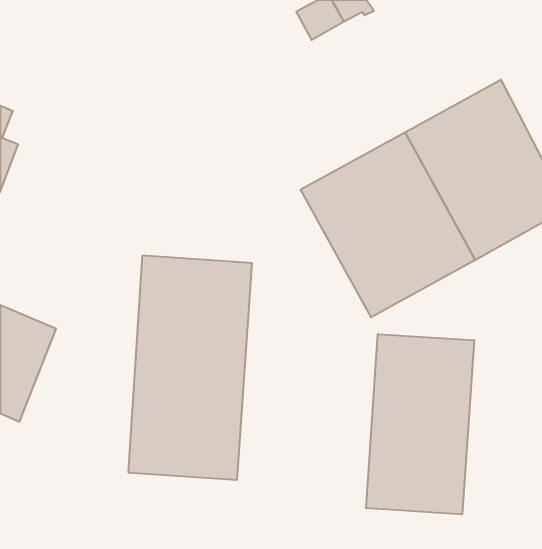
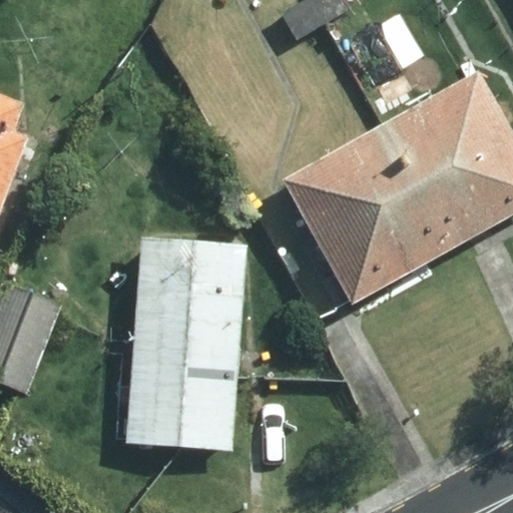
building: [366,334,474,514] -> none

